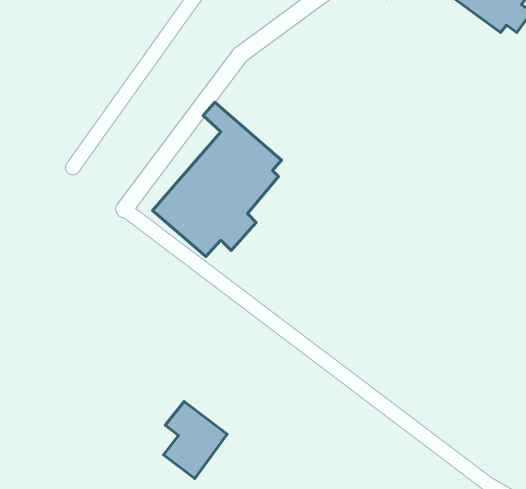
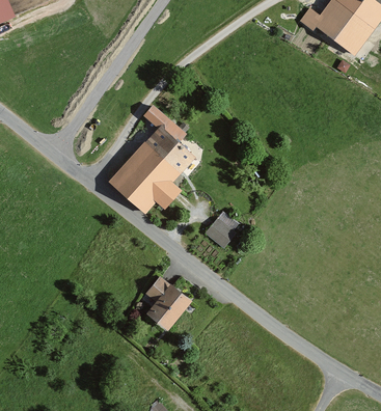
building: none -> [205,214,239,248]
building: [164,401,227,479] -> [145,276,190,330]

